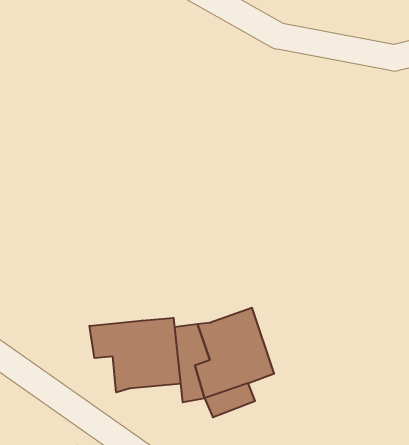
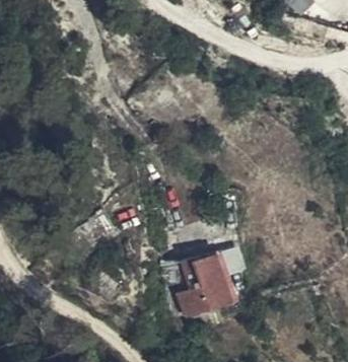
building: [90,318,181,392] -> none

